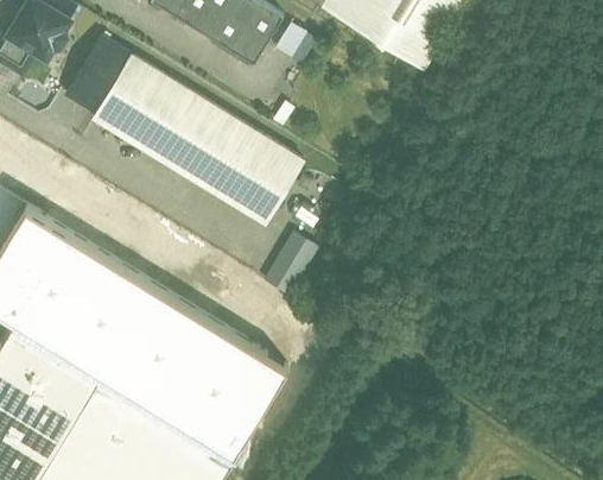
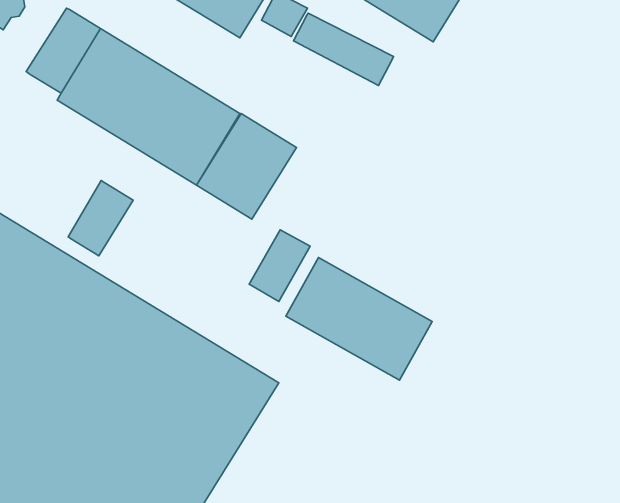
building: none -> [294,13,393,85]
building: none -> [68,181,133,256]
building: none -> [286,258,432,380]

